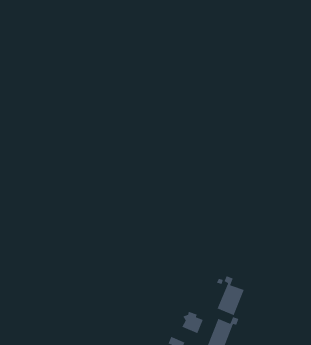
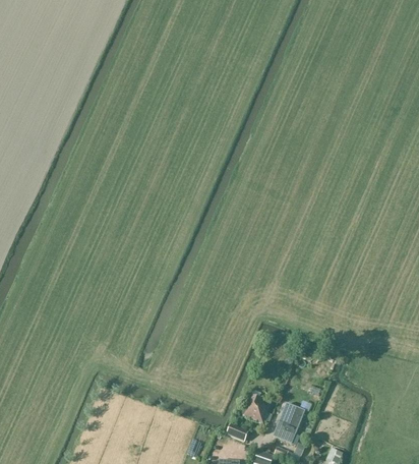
building: [216,275,245,316] -> none

